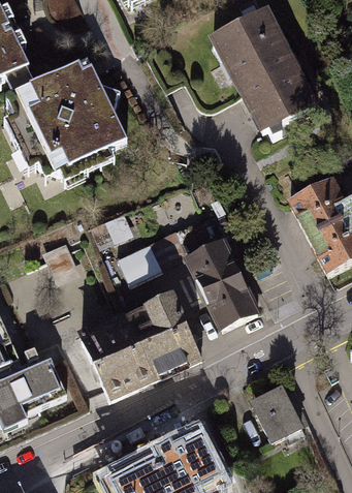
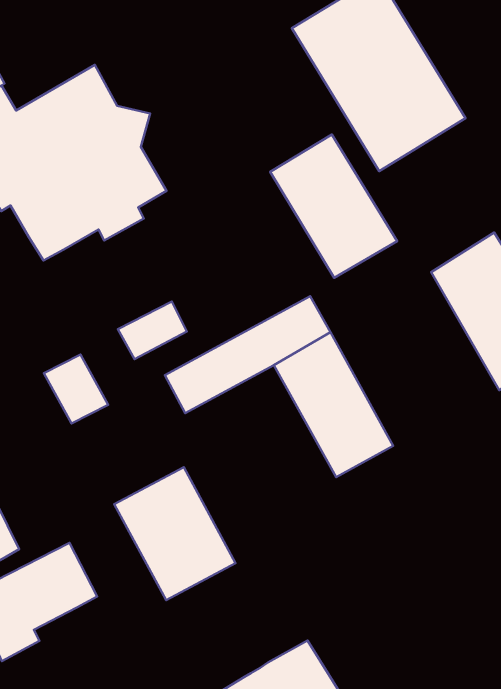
building: none -> [270,134,397,278]
building: [126,292,200,376] -> none
building: [252,386,303,442] -> none

